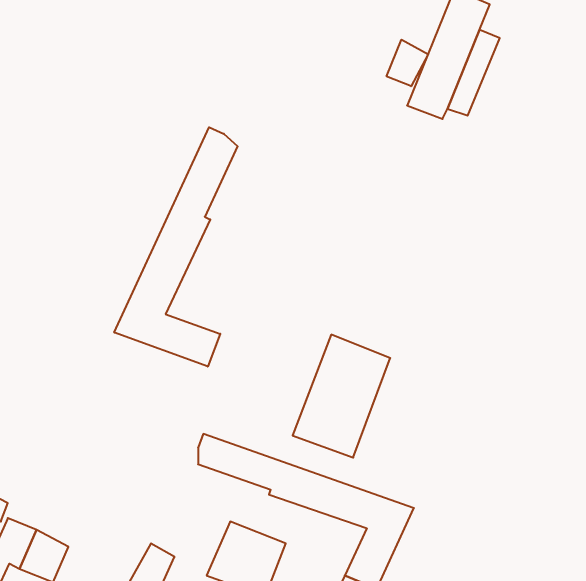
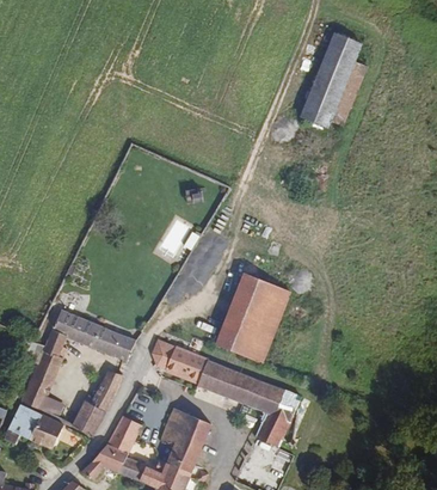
building: [387,40,428,86] -> none
building: [114,127,238,367] -> none
building: none -> [19,308,135,414]
building: none -> [70,368,121,434]

